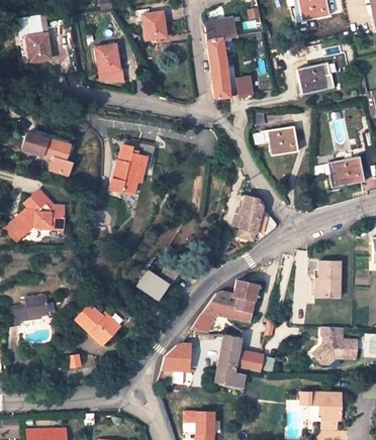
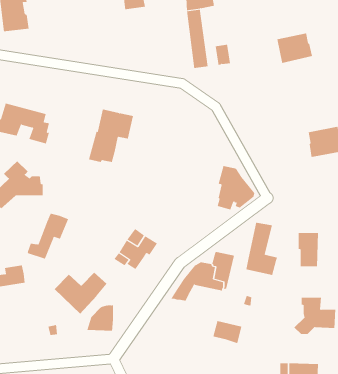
building: [95,44,120,73] -> none
building: [266,127,297,155] -> none
building: none -> [26,213,69,259]
building: [213,334,246,388] -> [245,222,278,276]
building: [162,344,189,370] -> [86,305,114,331]

